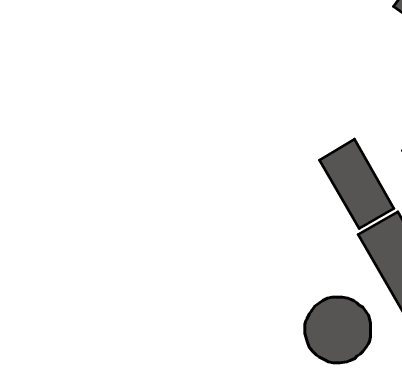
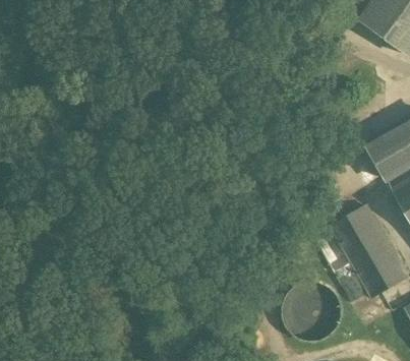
building: [320,139,394,229] -> none

